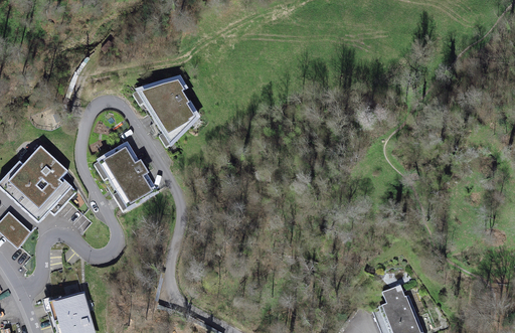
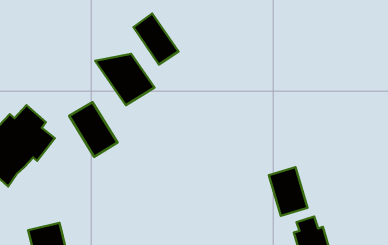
building: none -> [133,14,178,65]
building: none -> [269,167,307,216]

